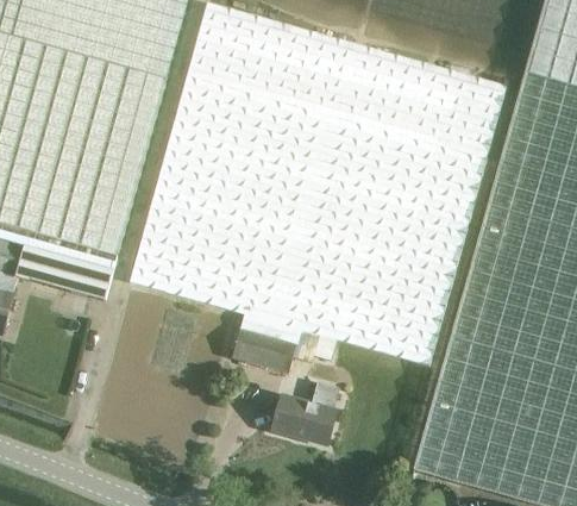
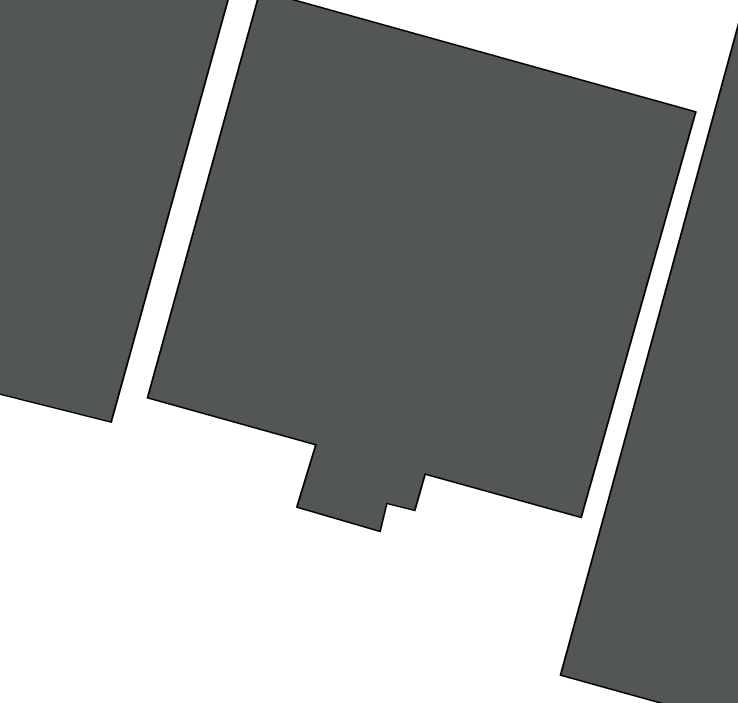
building: [272,377,340,445] -> none

